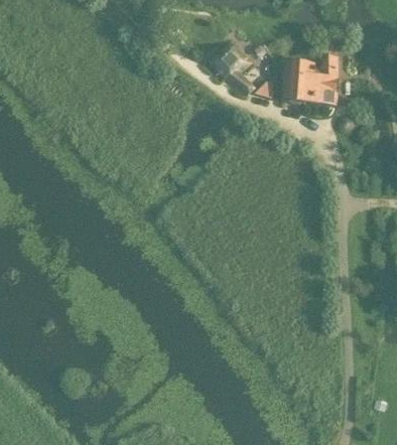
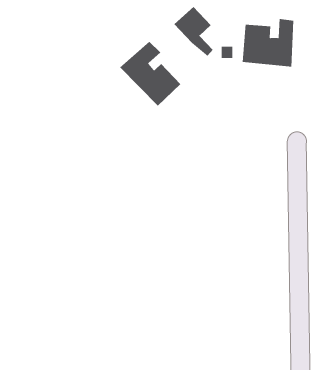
building: none -> [119,41,181,107]

